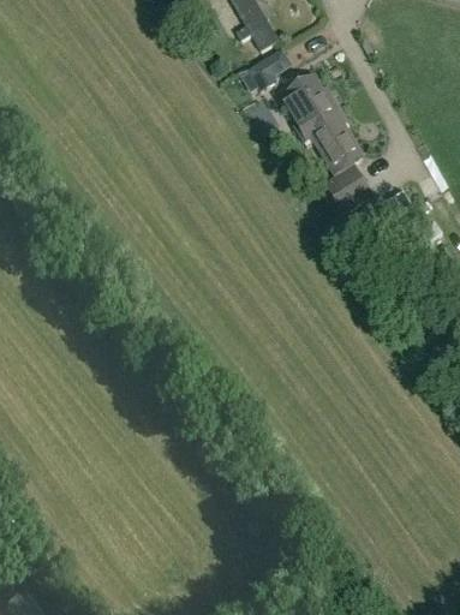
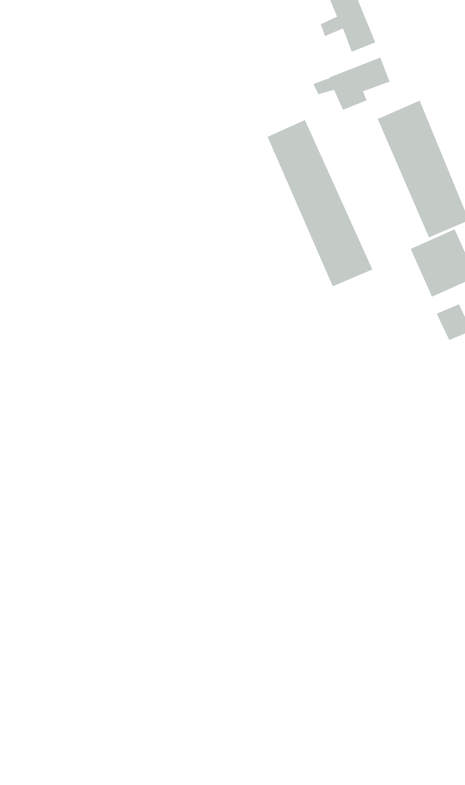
building: none -> [267,119,373,287]

